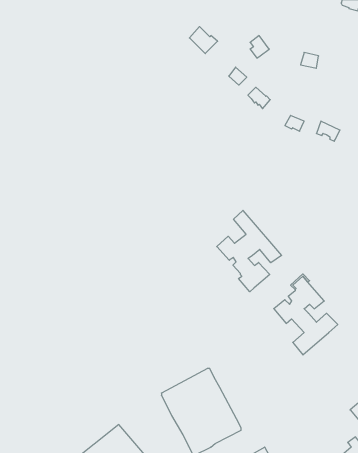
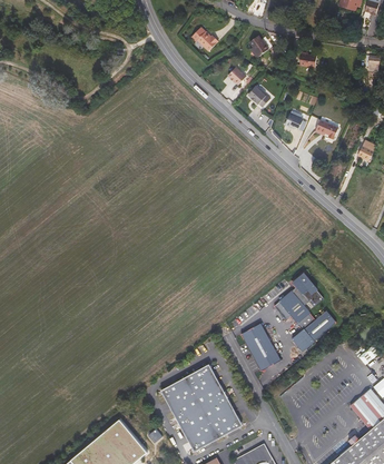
building: [217,210,282,292] -> none
building: none -> [240,324,280,372]

